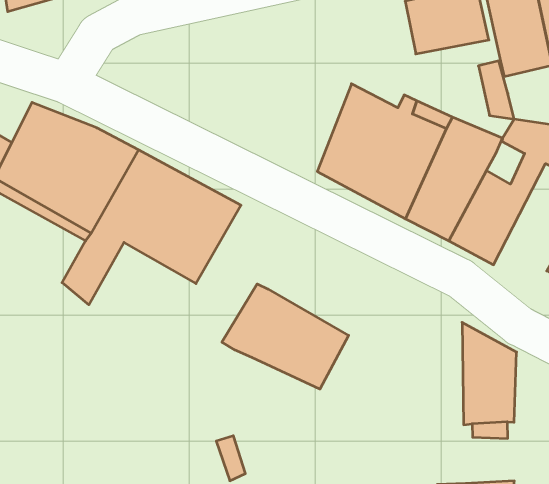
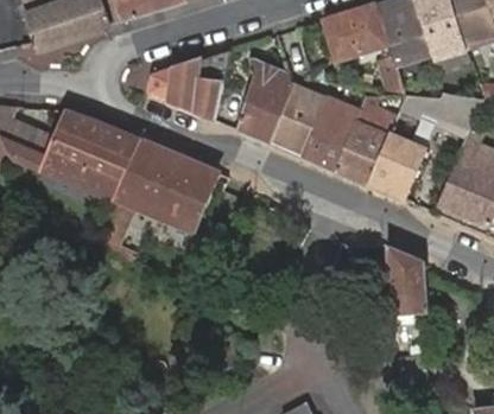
building: none -> [148,49,228,120]
building: none -> [238,59,291,145]
building: [222,284,349,389] -> none

